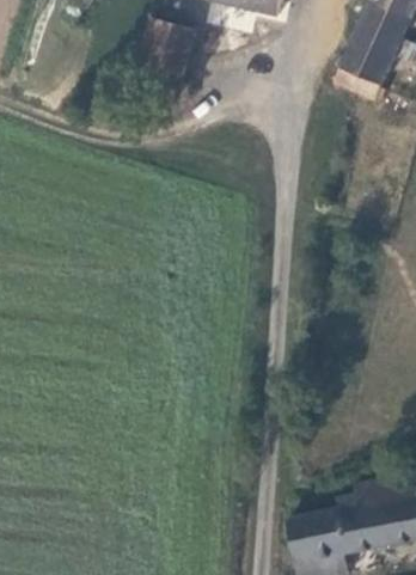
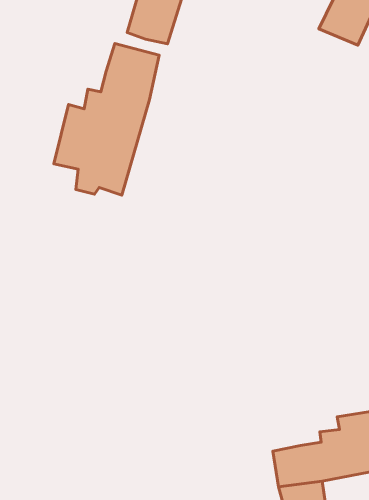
building: none -> [54,43,159,195]

